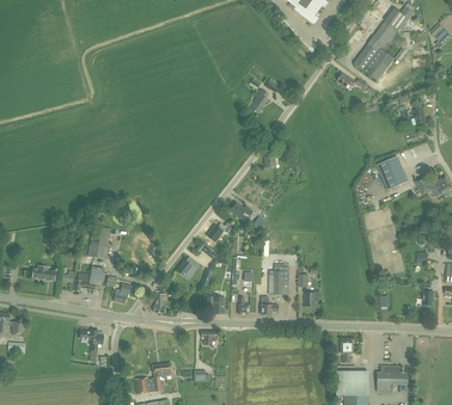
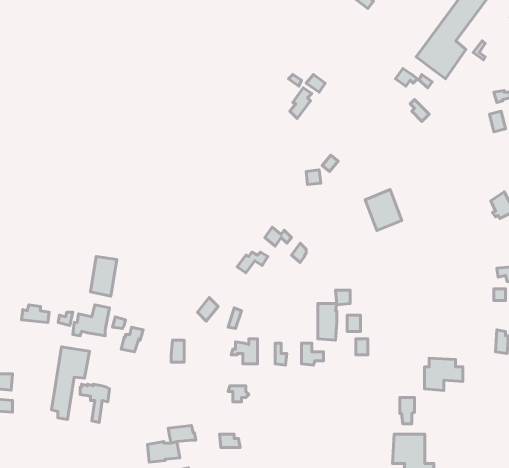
building: [375,157,405,190] -> [365,190,402,231]
building: none -> [51,347,90,420]
building: [375,364,407,391] -> [425,358,463,390]

